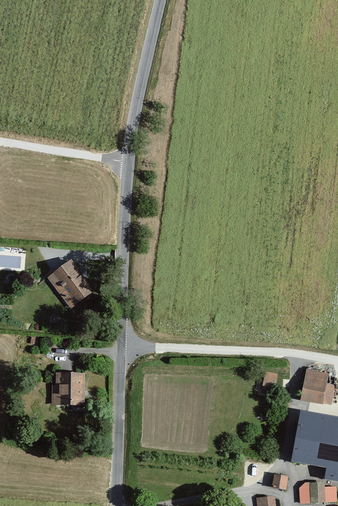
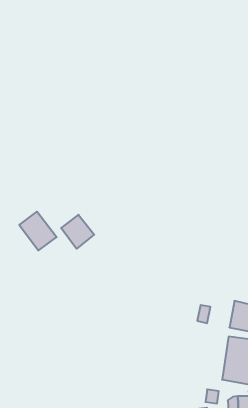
building: none -> [61,215,94,249]
building: [52,372,85,404] -> none

